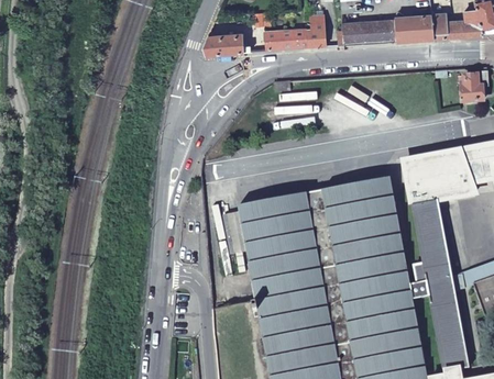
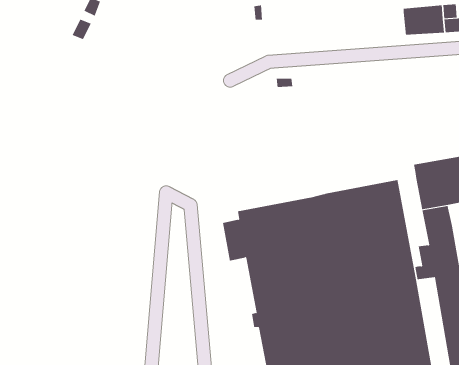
building: [265,14,326,48] -> none
building: [342,18,397,43] -> none
building: [205,34,252,53] -> none

